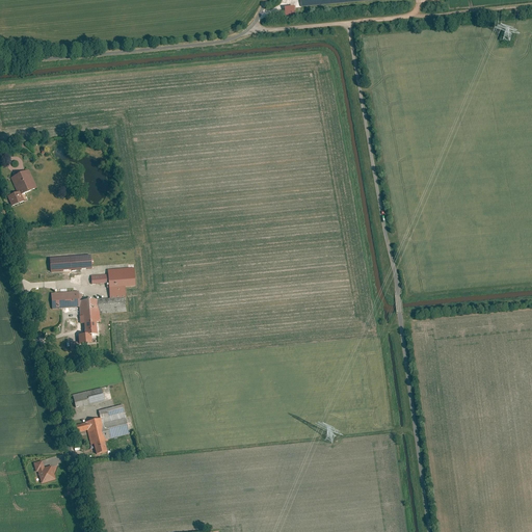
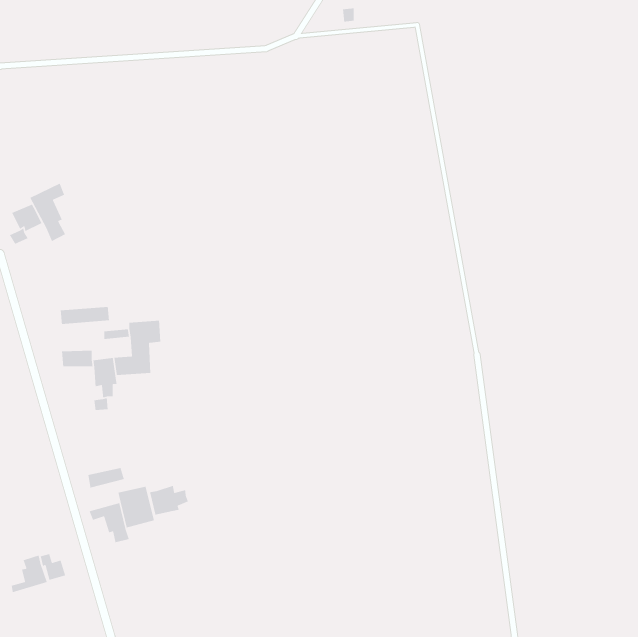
building: none -> [29,183,66,242]
building: none -> [149,485,189,516]
building: none -> [11,555,48,593]

